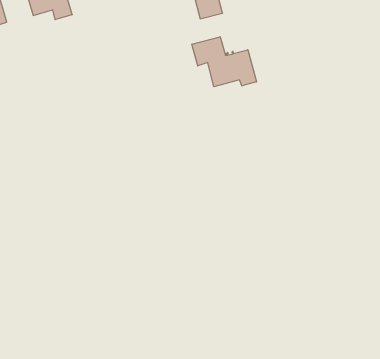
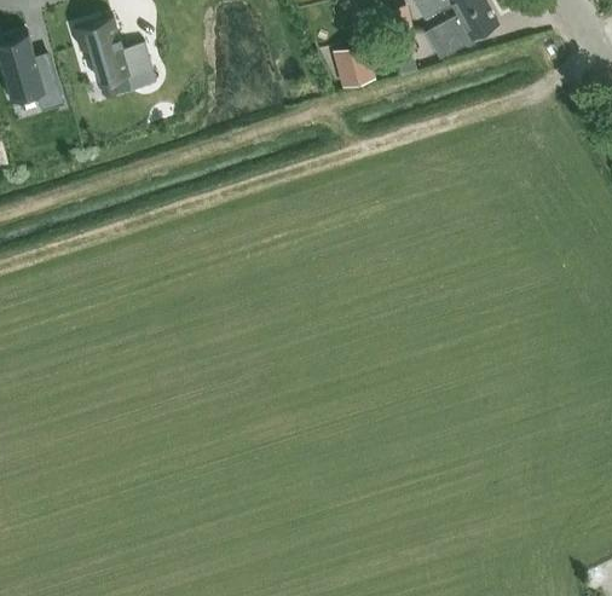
building: [192,37,256,87] -> none

